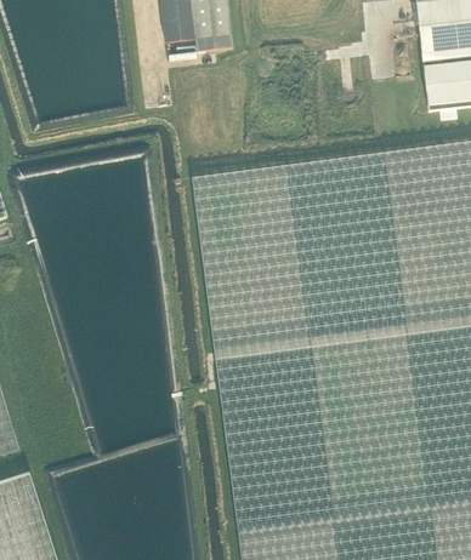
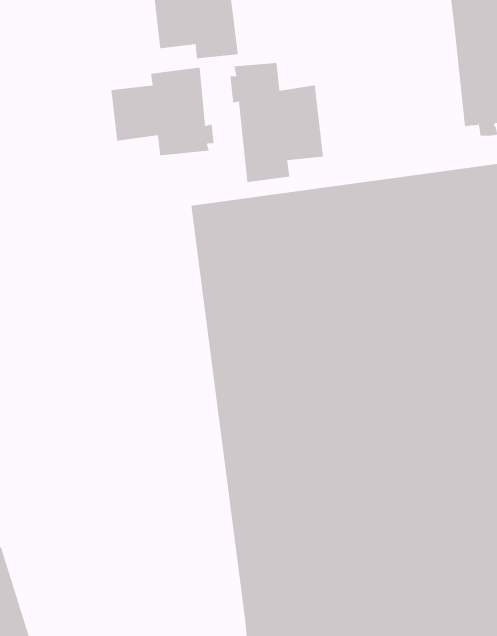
building: none -> [230,62,324,183]
building: none -> [111,67,214,156]

